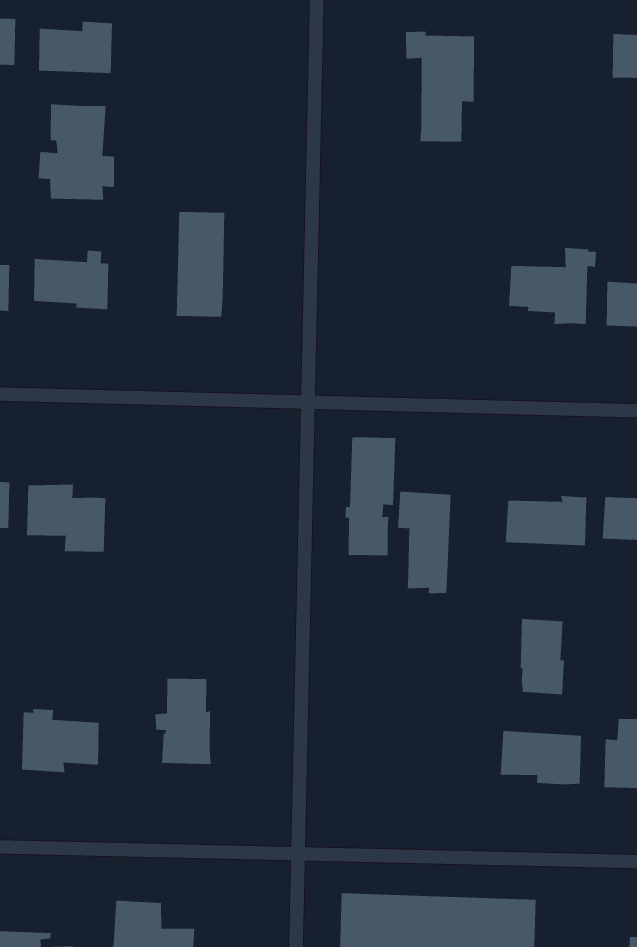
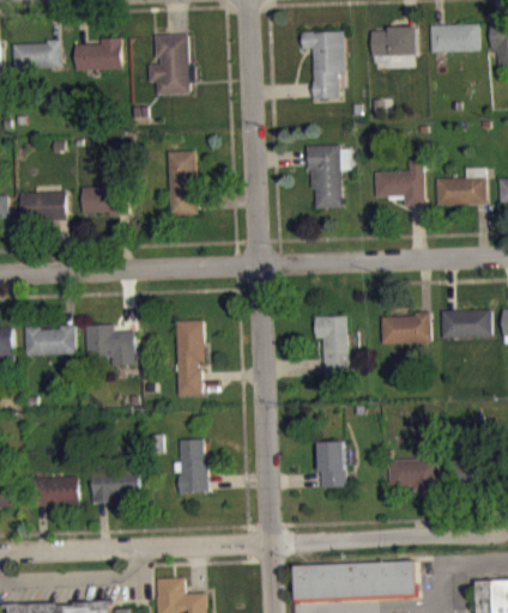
building: none -> [371,24,418,55]
building: [38,104,115,200] -> [149,34,196,93]
building: none -> [306,145,351,210]
building: [344,437,396,556] -> [175,320,205,394]
building: [520,618,565,695] -> [319,441,347,486]

